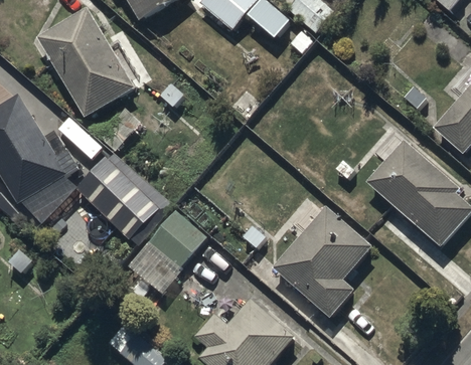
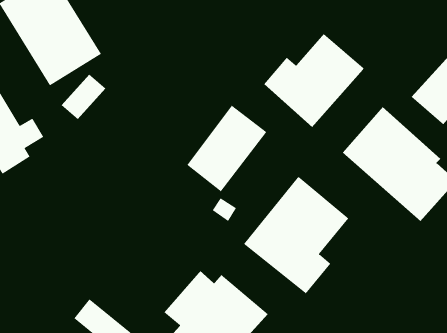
building: none -> [263,33,364,128]
building: [74,155,160,239] -> none
building: [129,209,206,293] -> [187,105,267,192]

